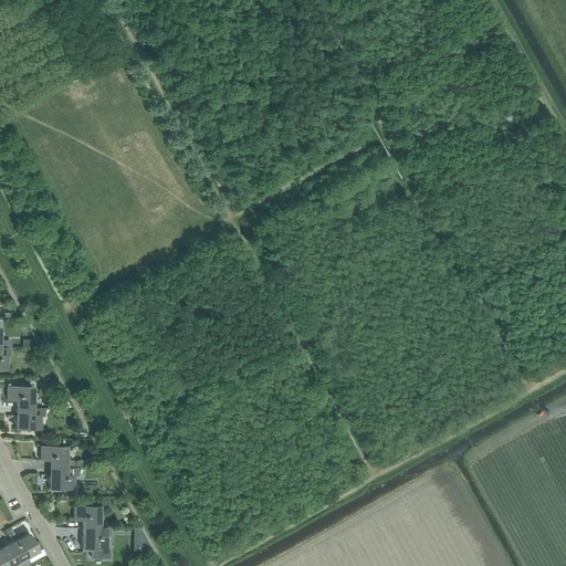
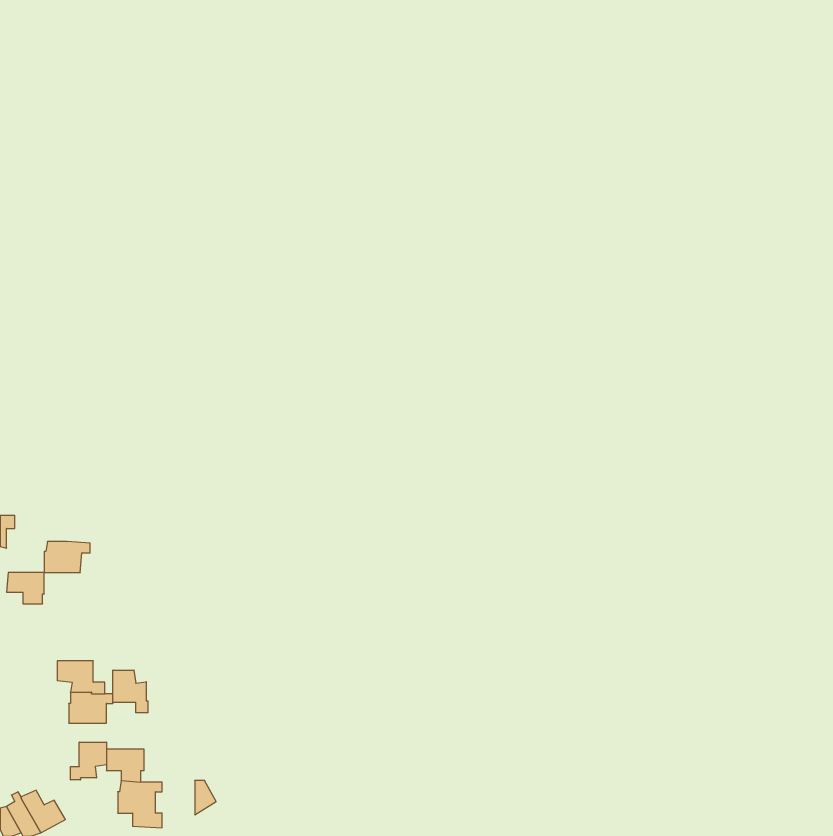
building: [15,408,46,429] -> [44,542,90,573]
building: none -> [113,670,148,713]
building: none -> [71,742,106,780]

